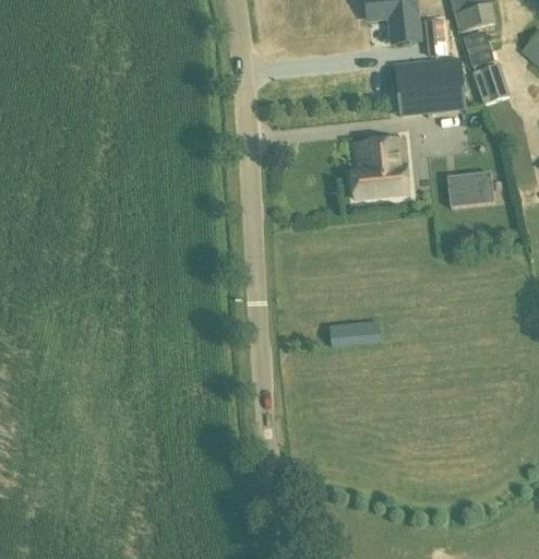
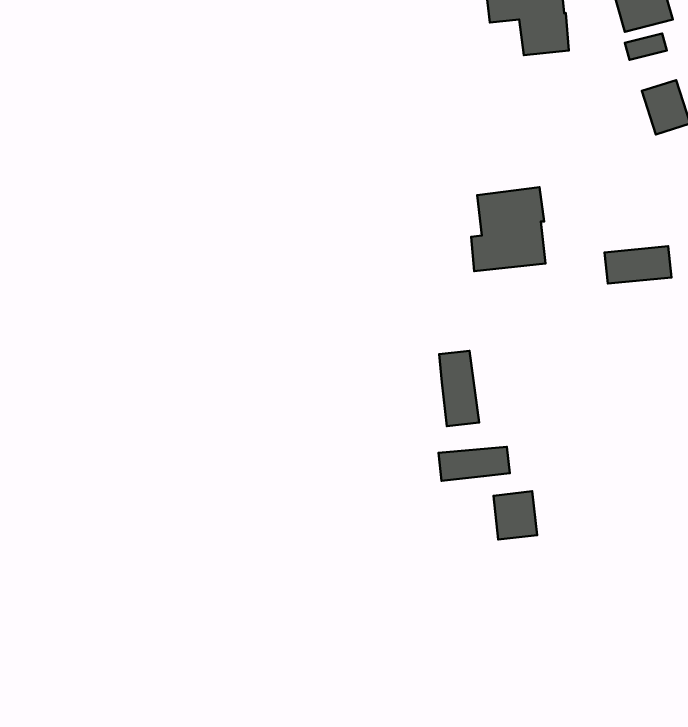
building: [394,56,465,116] -> none
building: none -> [439,351,479,426]
building: none -> [493,491,537,539]

